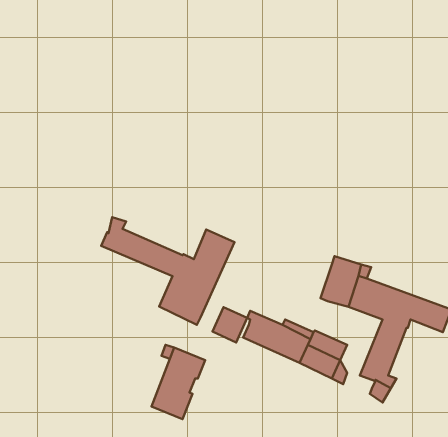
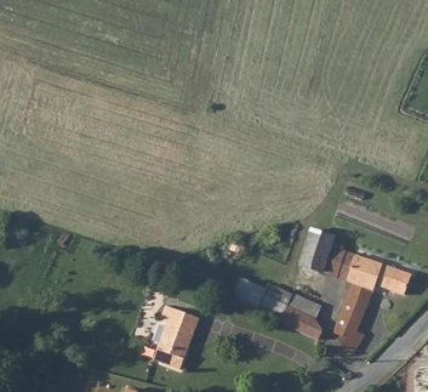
building: [101,217,234,325] -> none
building: [212,307,247,343] -> none

